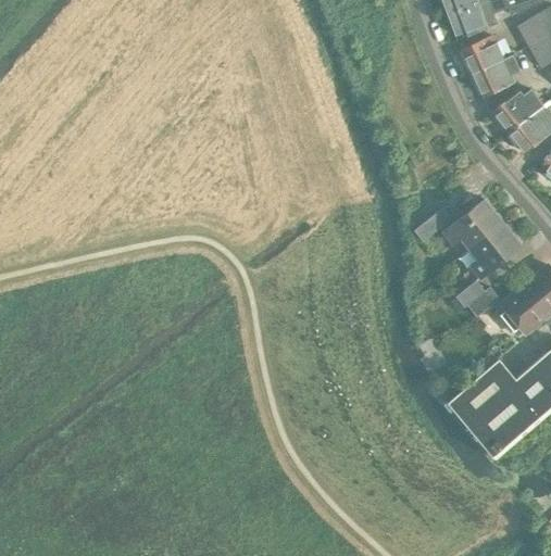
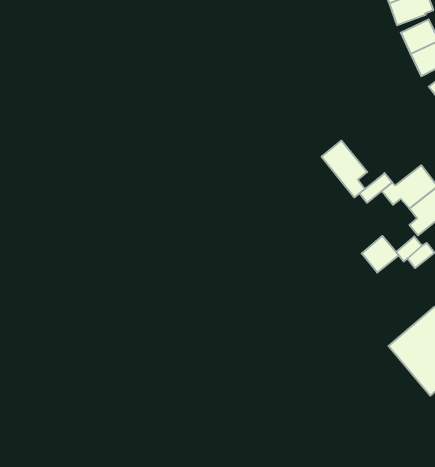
building: none -> [322,141,367,197]
building: none -> [362,236,399,273]

